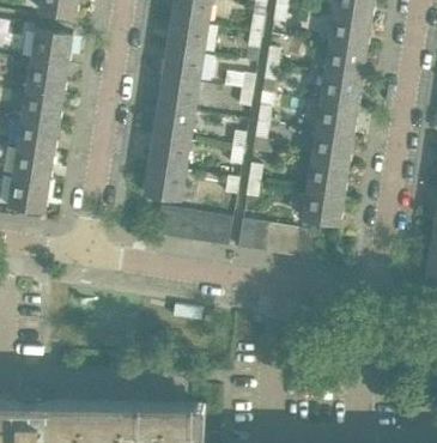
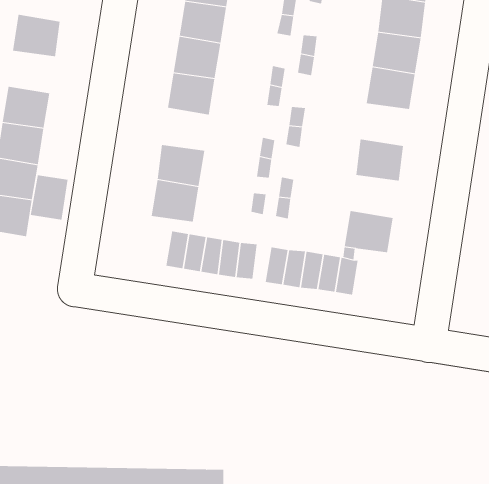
building: [26,61,66,96] -> none
building: [315,104,356,139] -> none
building: [152,108,192,142] -> none
building: none -> [30,175,68,221]
building: [306,163,347,198] -> none

